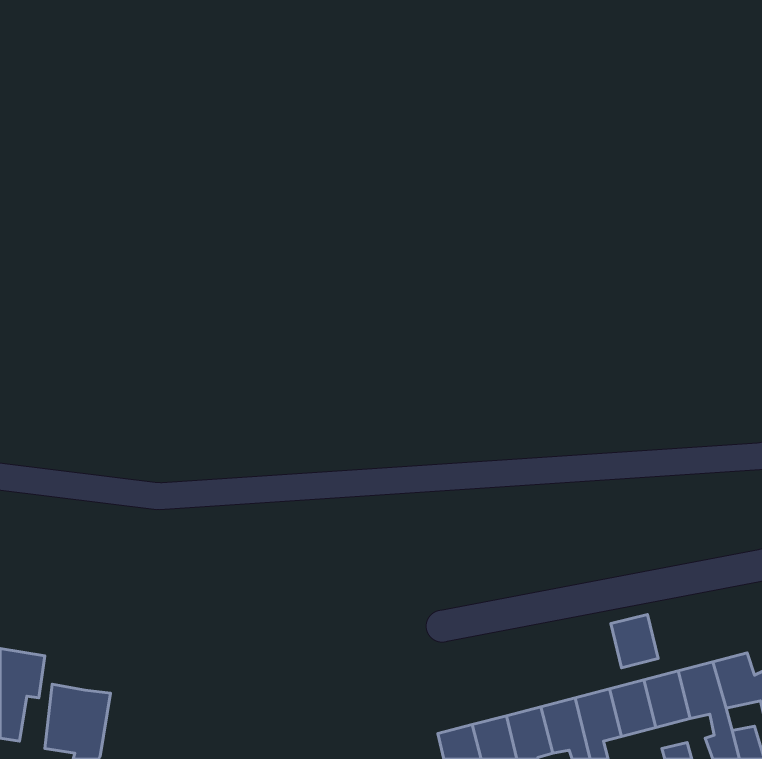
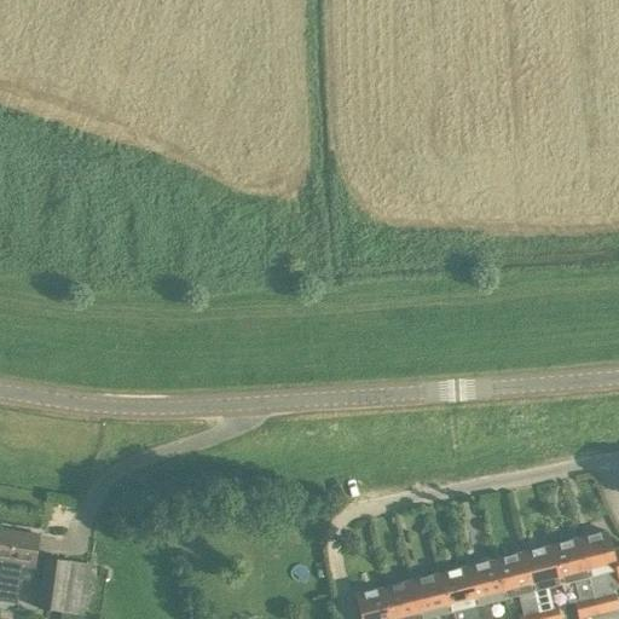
building: [611,614,658,668] -> none

